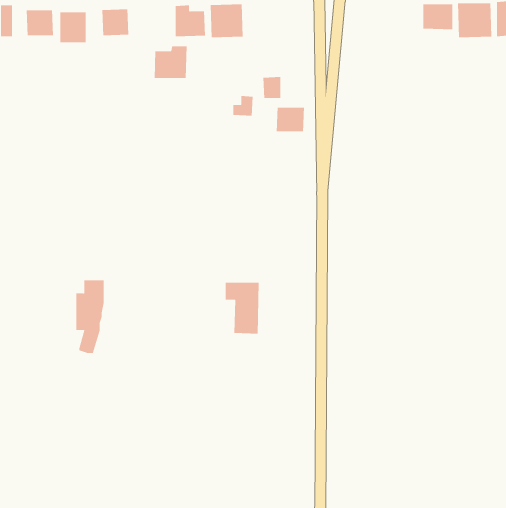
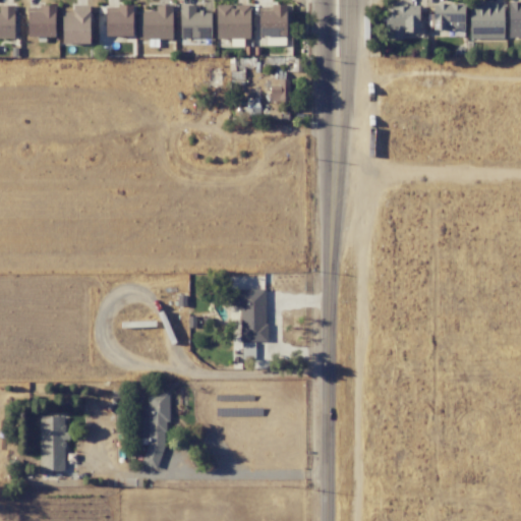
building: none -> [259,4,288,37]
building: none -> [386,6,421,39]
building: [154,46,187,79] -> [139,5,174,39]
building: [276,107,305,132] -> none
building: [76,280,104,354] -> [140,392,170,467]
building: none -> [41,415,67,471]

